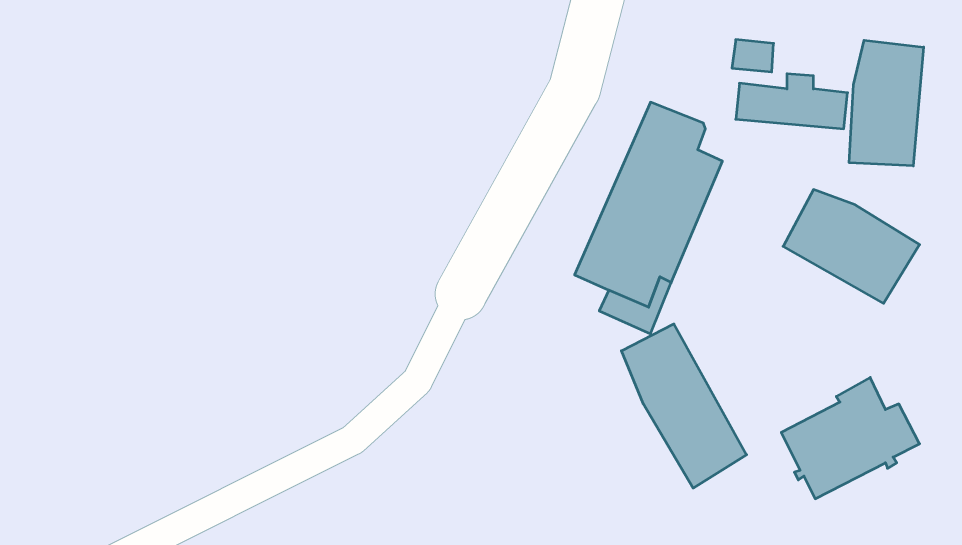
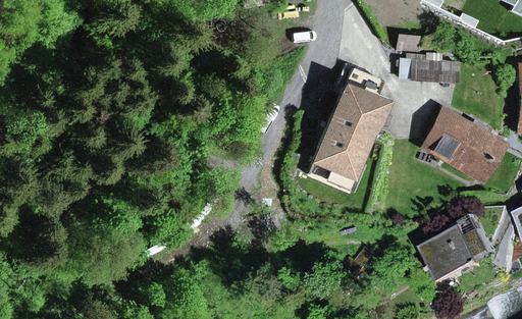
building: [849,40,924,166] -> none
building: [621,324,747,488] -> none

